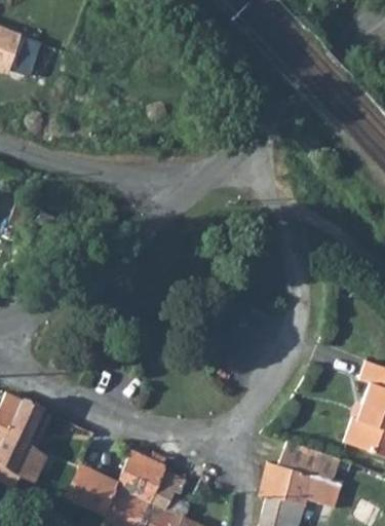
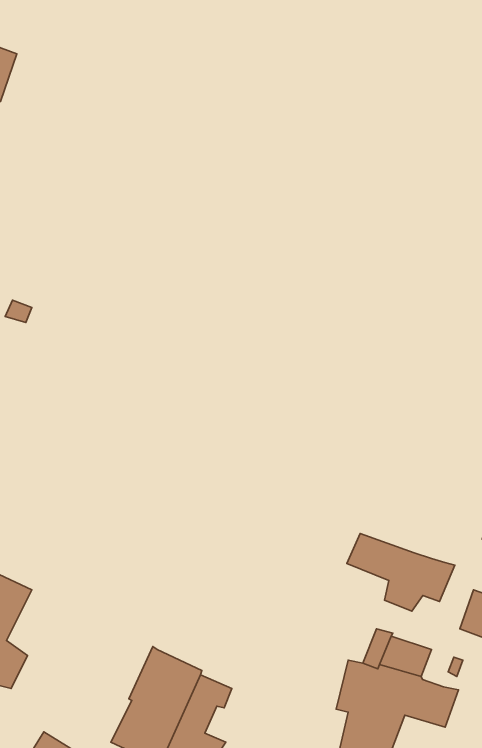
building: none -> [347,533,455,611]
building: [74,473,114,515] -> none

